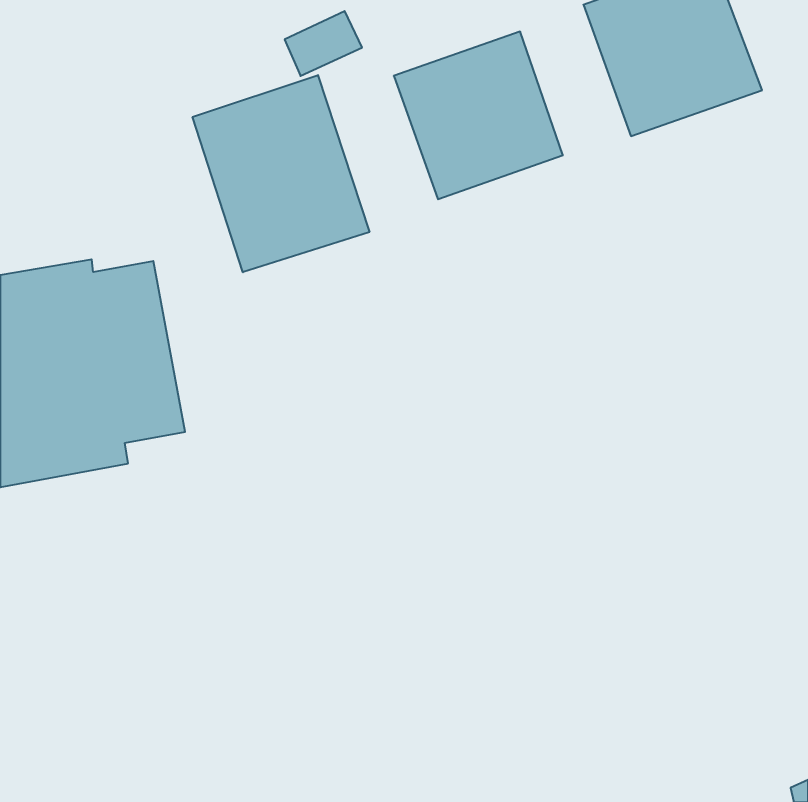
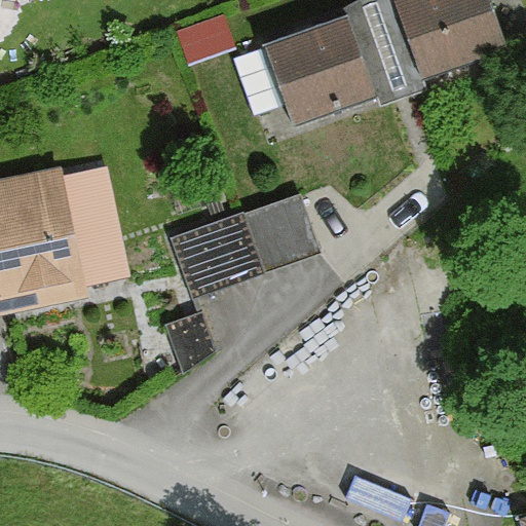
building: [193,75,369,272] -> none
building: none -> [173,178,324,281]

